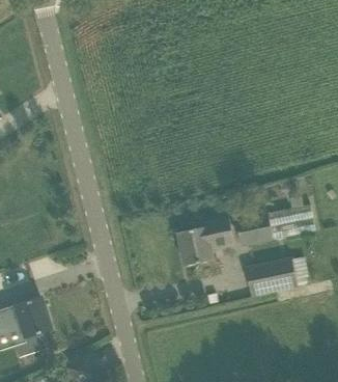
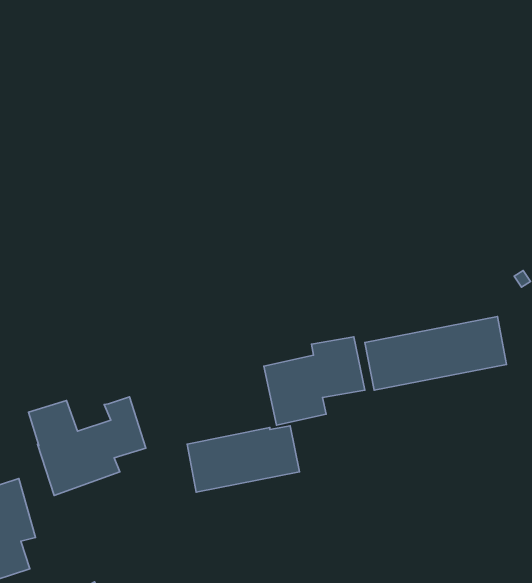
building: none -> [29,397,146,495]
building: [245,257,308,295] -> [187,426,299,492]

